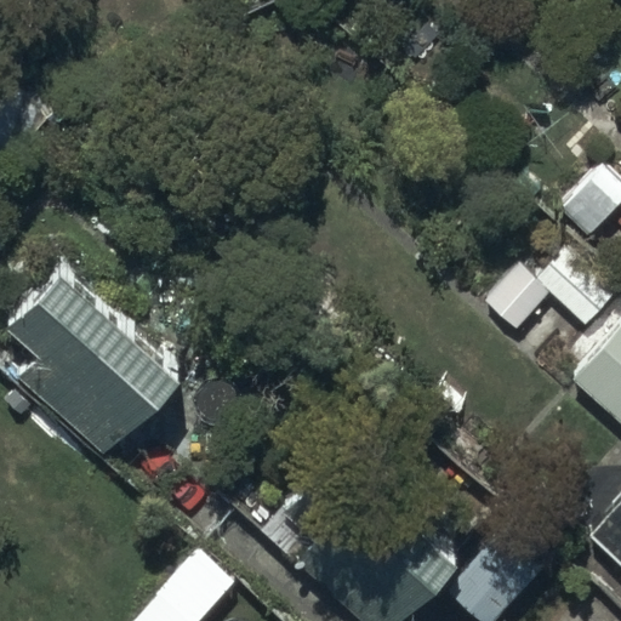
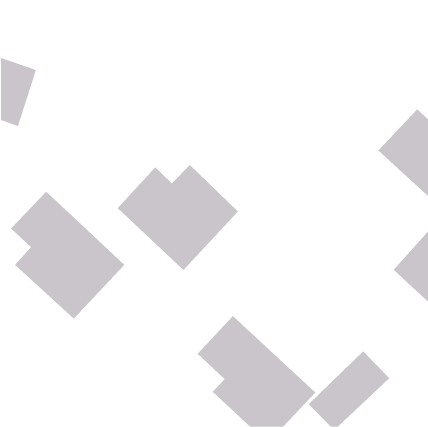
building: none -> [117,164,239,271]

